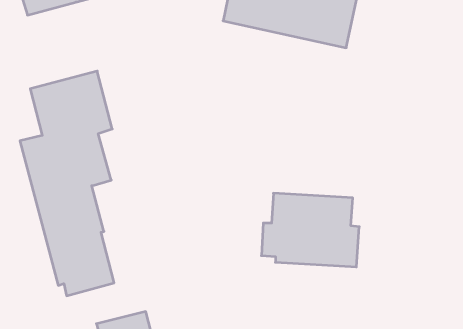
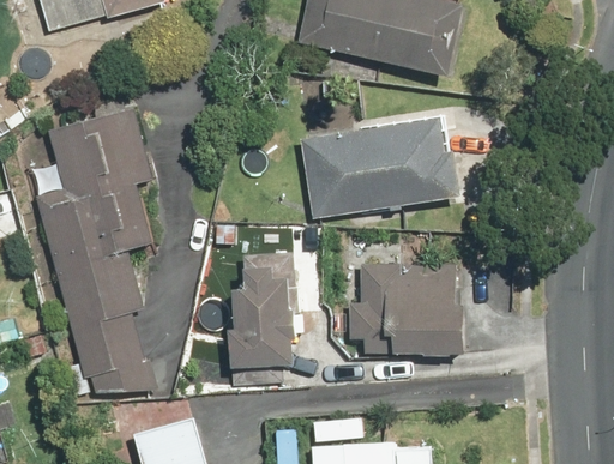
building: none -> [297,113,460,222]
building: none -> [227,248,300,387]

